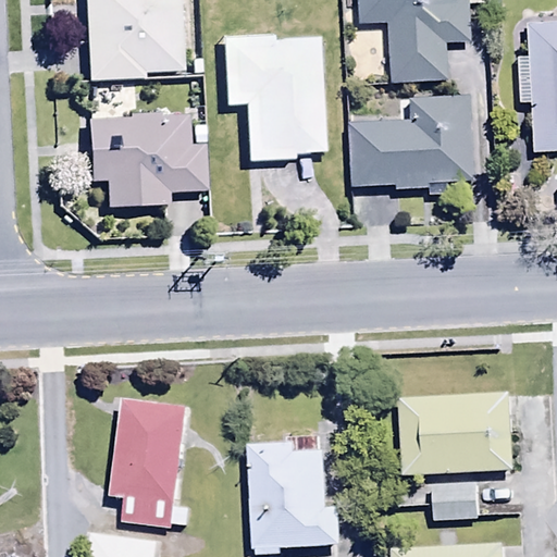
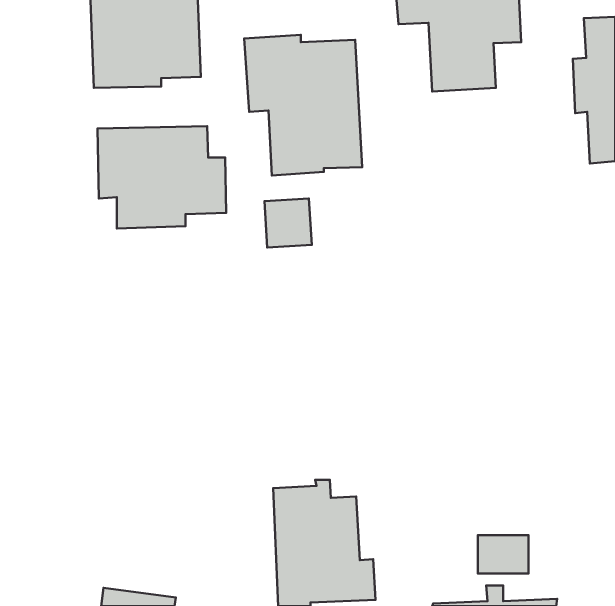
building: [348,95,474,193] -> none
building: none -> [264,198,312,248]
building: [397,394,511,473] -> none
building: [110,397,191,525] -> none

